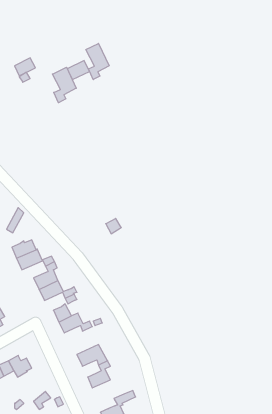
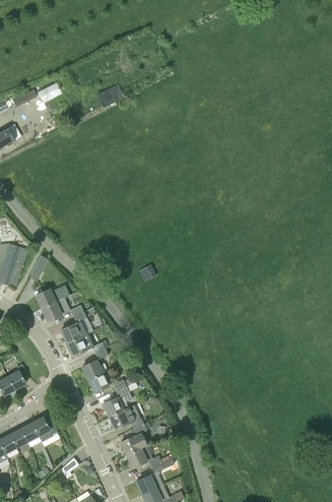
building: [86,43,109,80] -> none
building: [52,67,76,103] -> none
building: none -> [103,384,132,416]
building: none -> [126,444,161,467]

